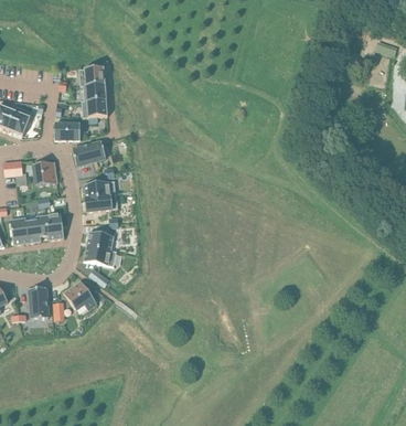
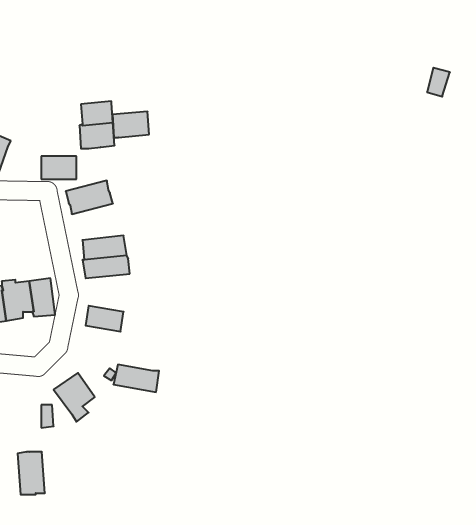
building: [78,66,105,85] -> [112,112,149,137]
building: [33,160,57,184] -> none
building: [83,245,116,265] -> [113,365,159,392]
building: [29,287,49,318] -> [18,452,45,495]

